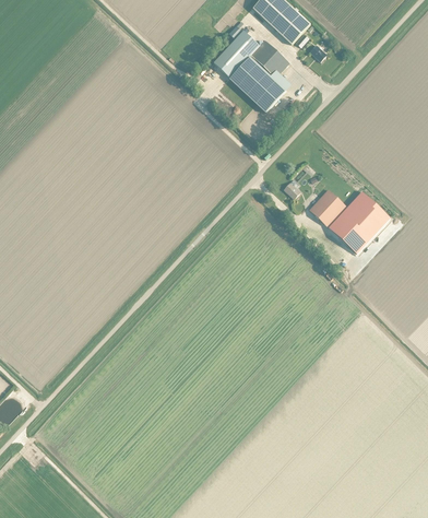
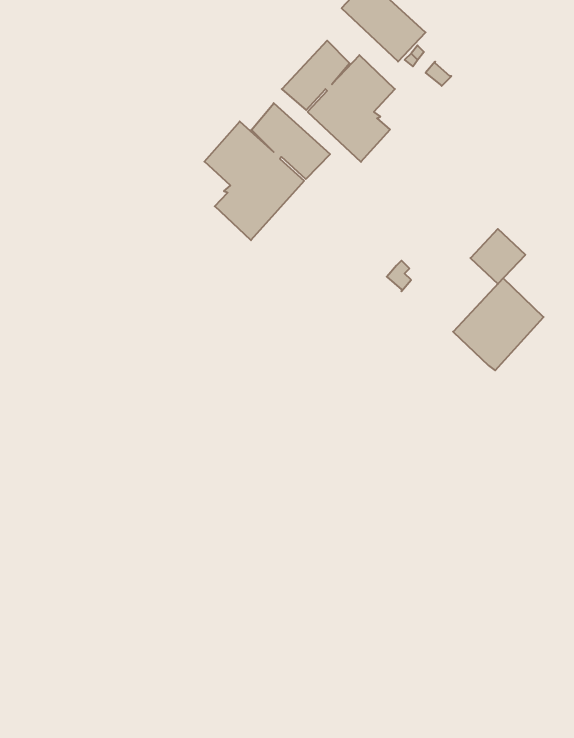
building: none -> [204,103,330,240]
building: [309,189,346,226] -> [470,229,525,284]

